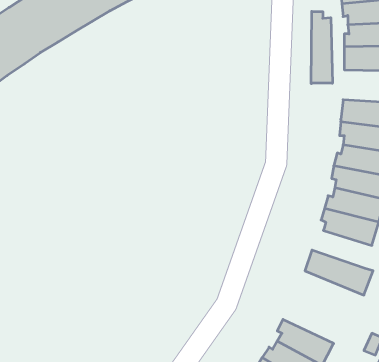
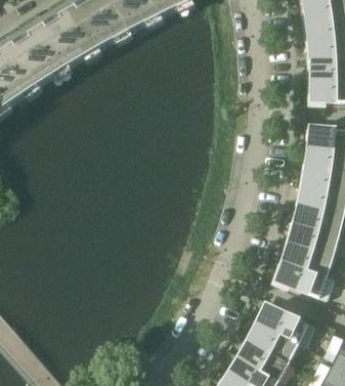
building: [311,11,332,84] -> none
building: none -> [279,240,333,273]
building: none -> [254,300,314,344]

